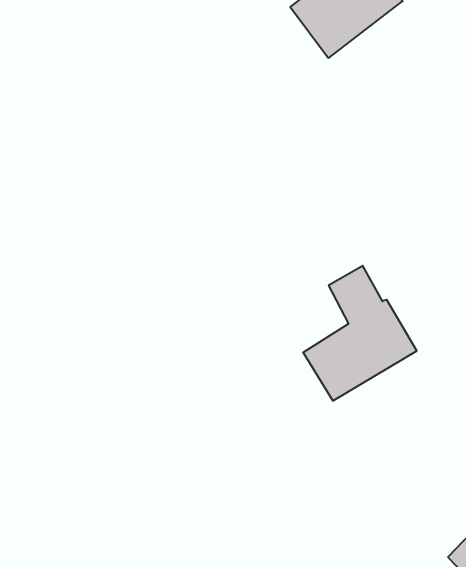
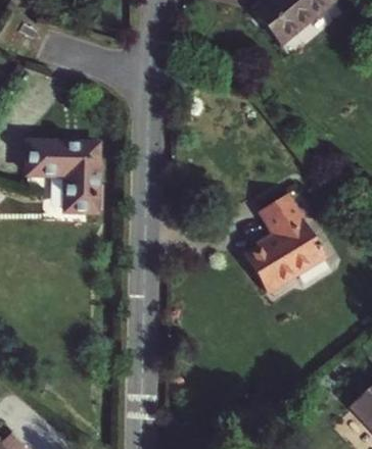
building: none -> [38,145,110,225]

